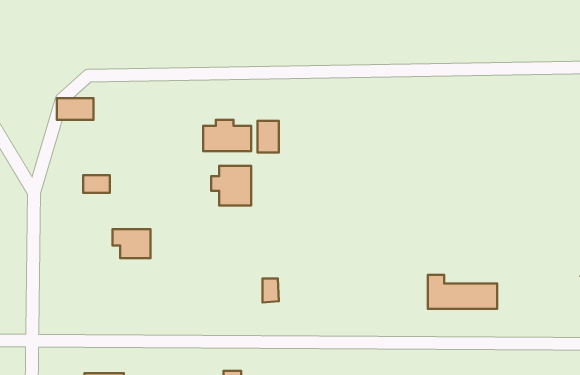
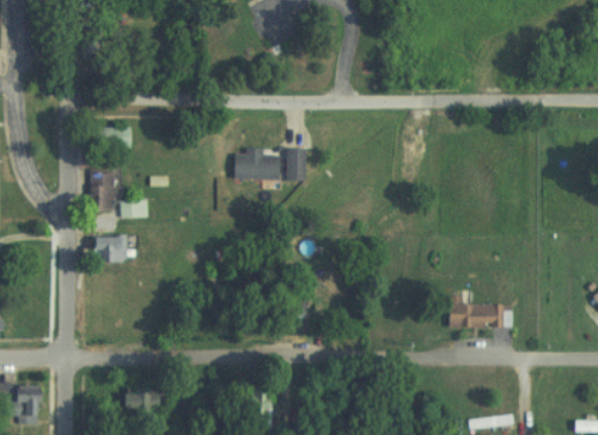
building: none -> [91,174,116,213]
building: [211,166,251,205] -> none
building: [113,229,150,258] -> [91,238,127,265]

